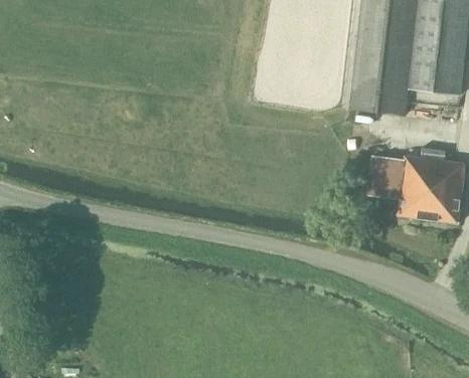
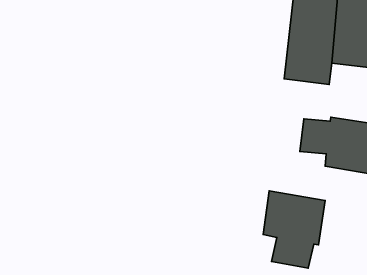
building: none -> [263,191,325,268]

